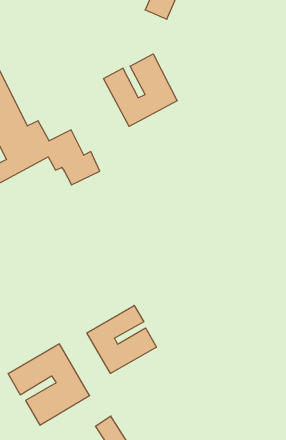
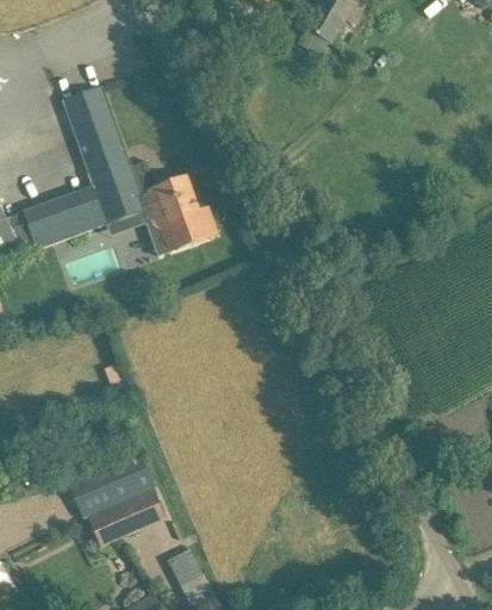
building: [103,54,177,126] -> none
building: [87,305,156,373] -> none

